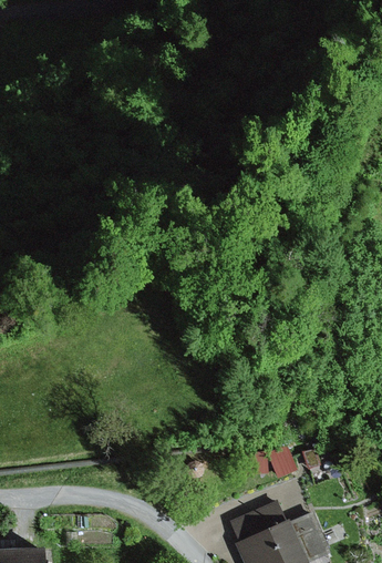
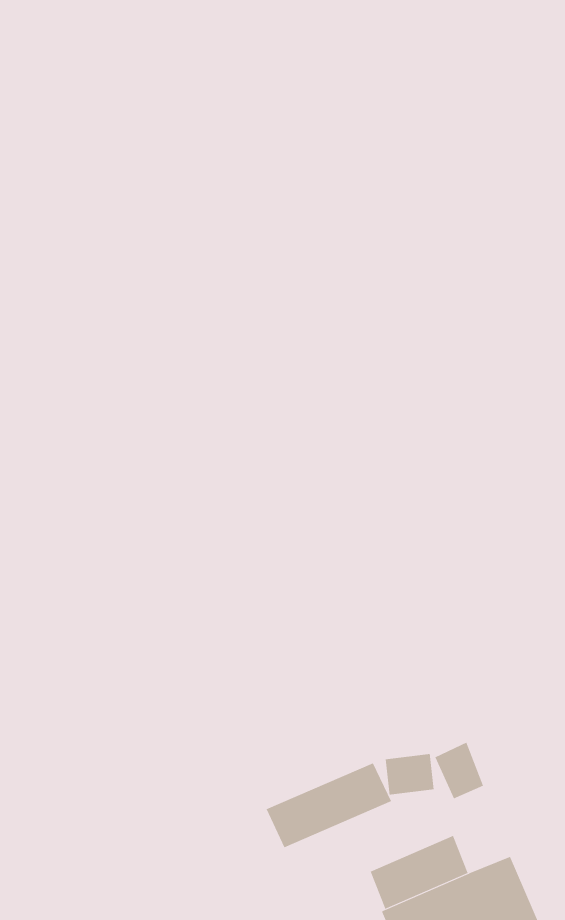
building: none -> [266,763,392,848]

